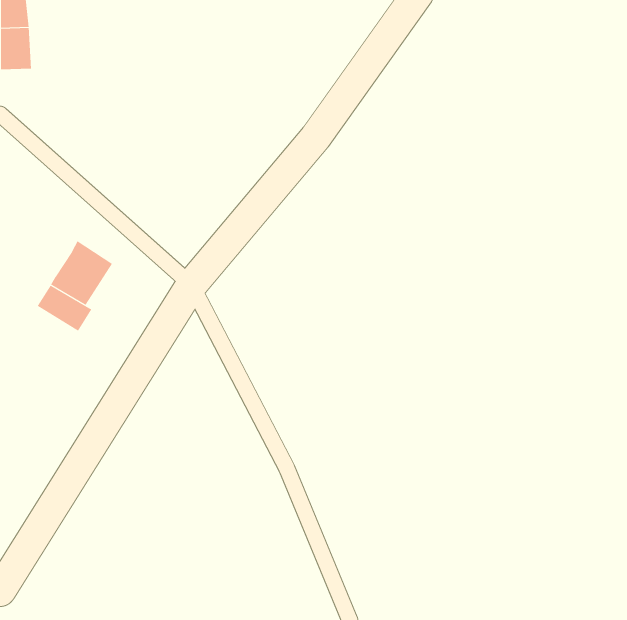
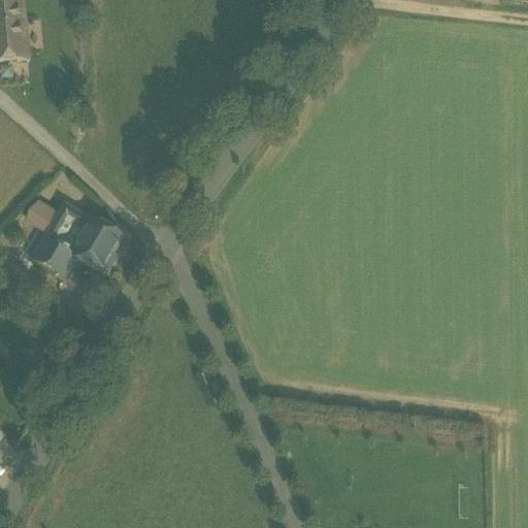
building: none -> [26,198,60,232]
building: none -> [72,221,122,273]

